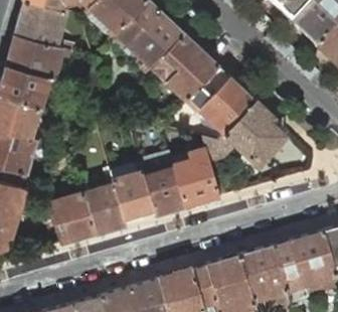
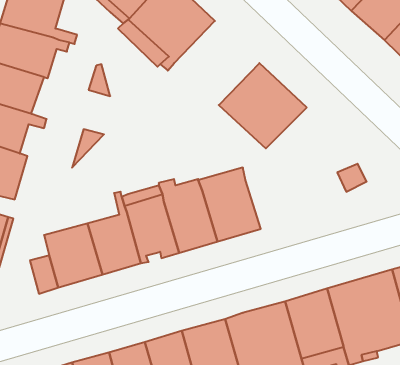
building: [152,31,219,98] -> none
building: [202,100,287,160] -> none

